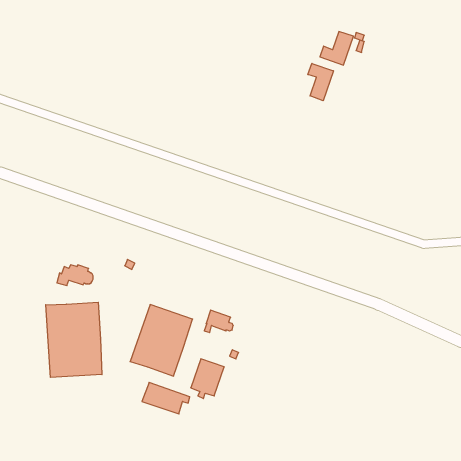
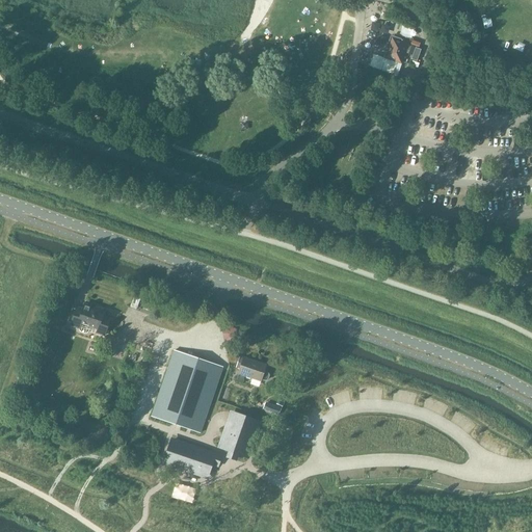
building: [308,63,333,101] -> none
building: [46,302,102,377] -> none

